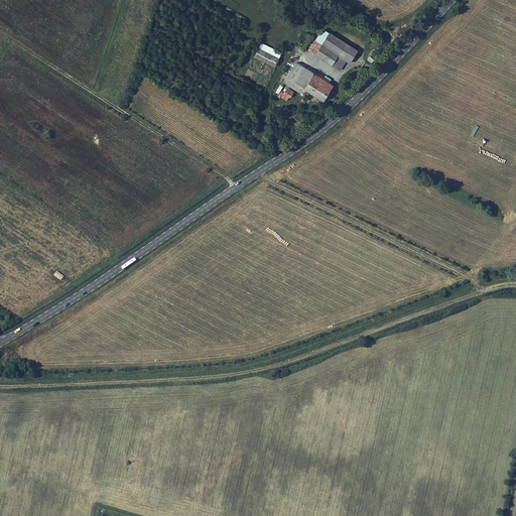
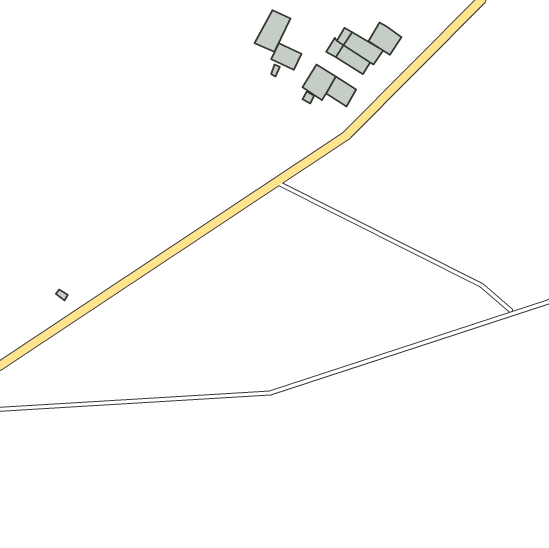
building: none -> [255,10,291,52]
building: none -> [369,23,402,55]

